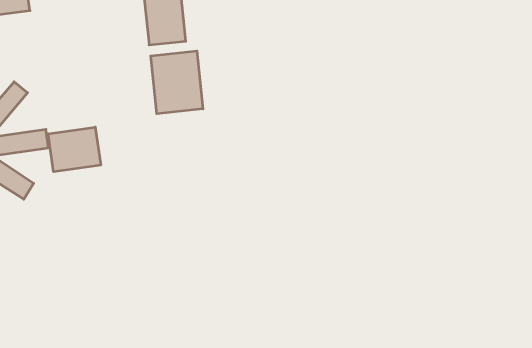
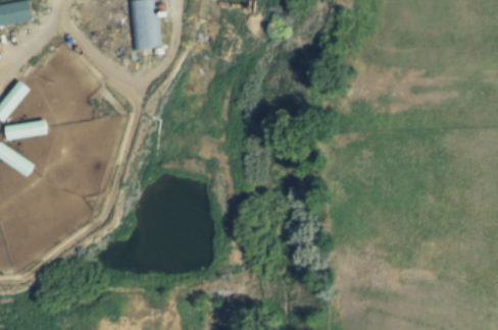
building: [151,51,203,114] -> none
building: [48,127,101,172] -> none

